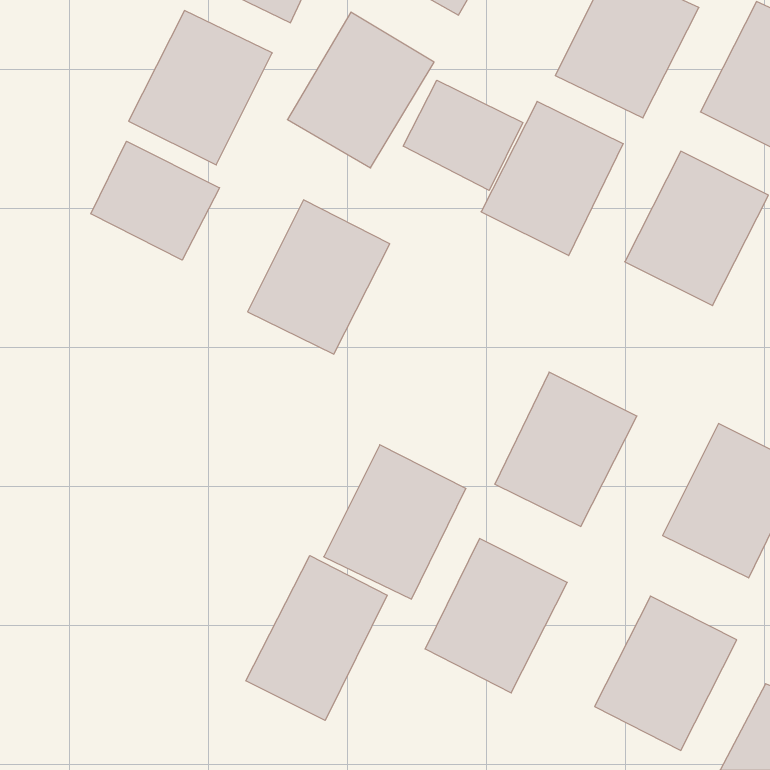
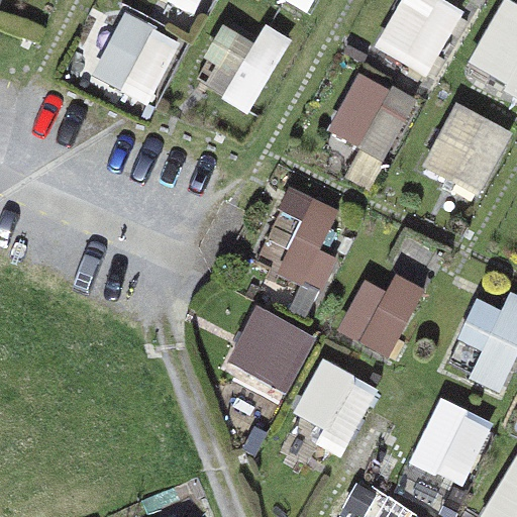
building: [403,80,523,190] -> none
building: [91,141,220,260] -> none
building: [248,200,390,354] -> [258,191,353,294]
building: [246,556,387,720] -> none

